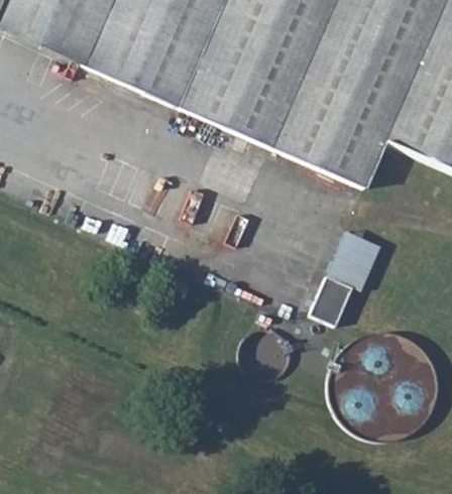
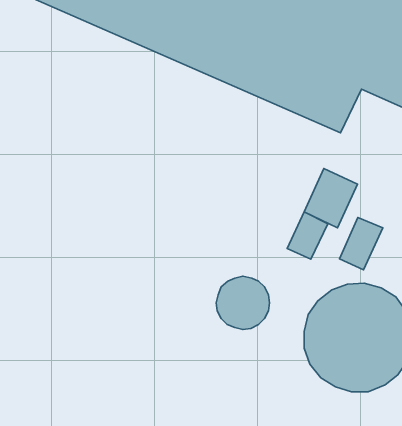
building: none -> [339,218,383,270]

